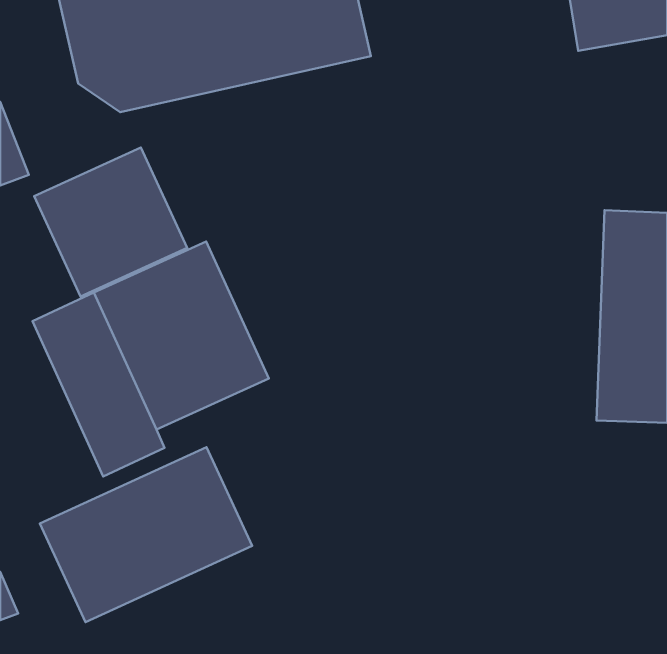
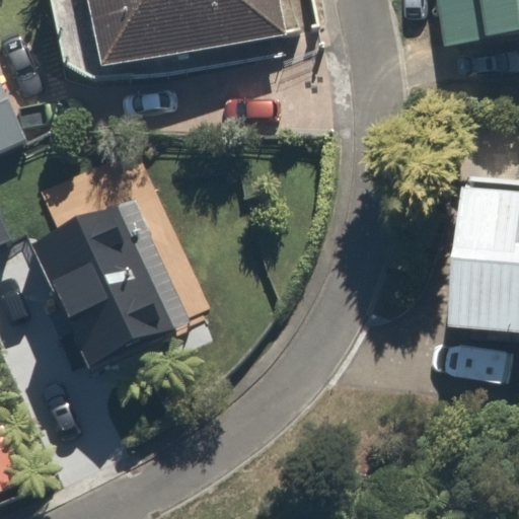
building: [34,147,187,297] -> none
building: [40,447,252,622] -> none

